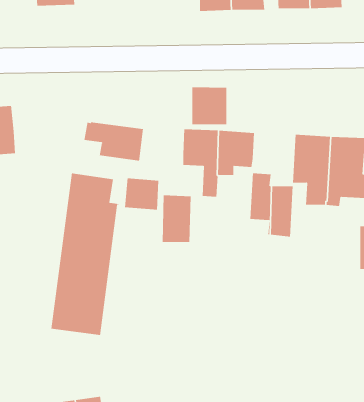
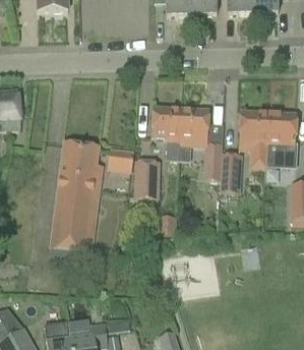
building: [192,86,227,125] -> none
building: [84,121,143,161] -> none

